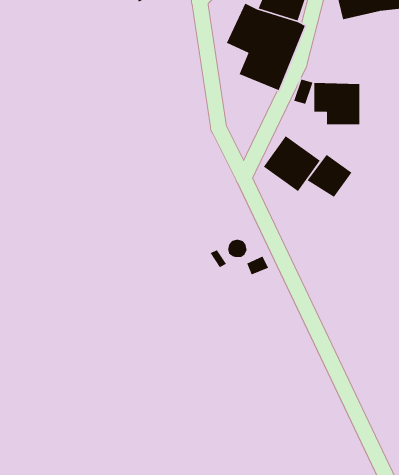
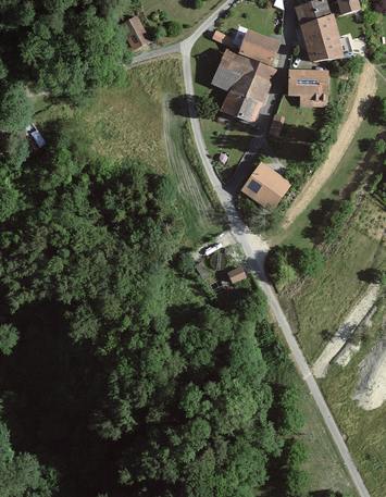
building: [313,82,360,125] -> [287,69,327,105]
building: [307,154,353,198] -> none

